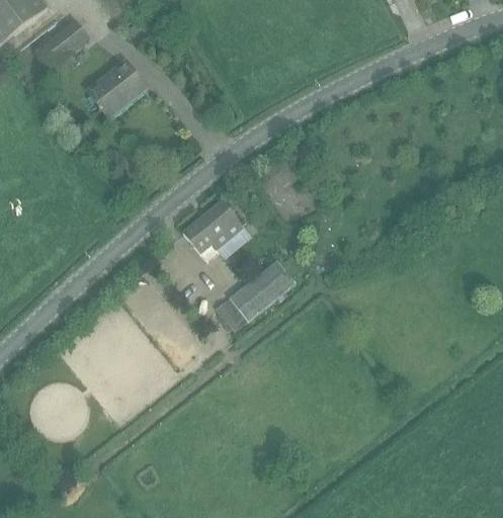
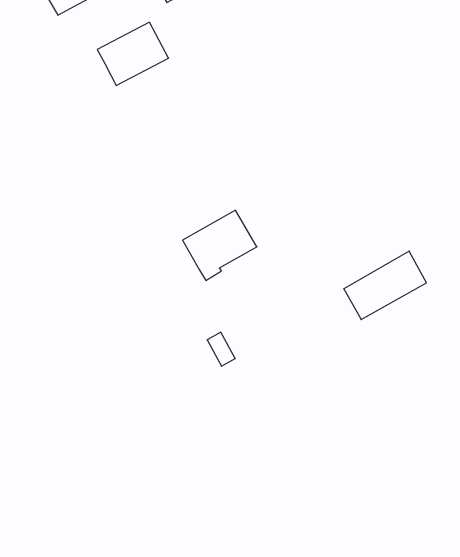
building: [229,259,295,321] -> [344,251,426,320]

